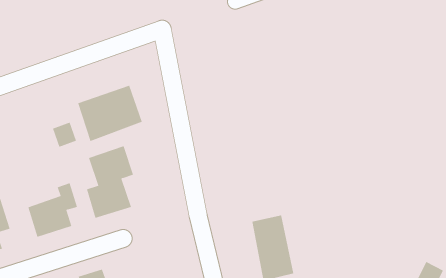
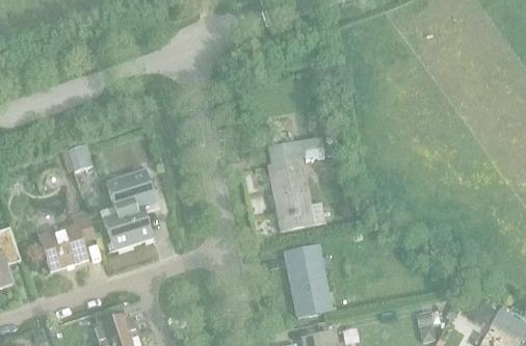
building: [77,85,142,142] -> none
building: none -> [266,136,324,232]

